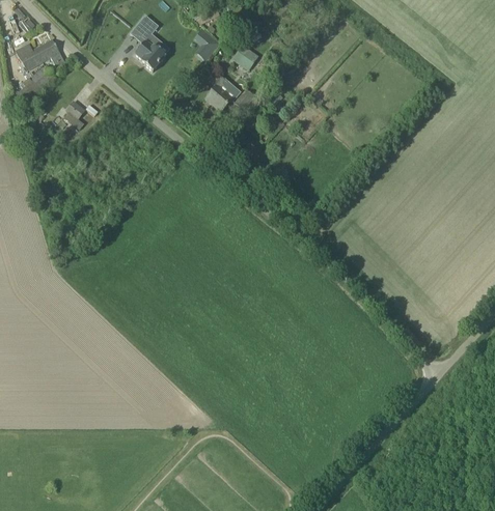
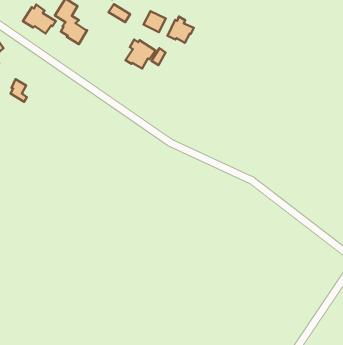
building: none -> [23,5,56,34]
building: none -> [167,16,194,43]

